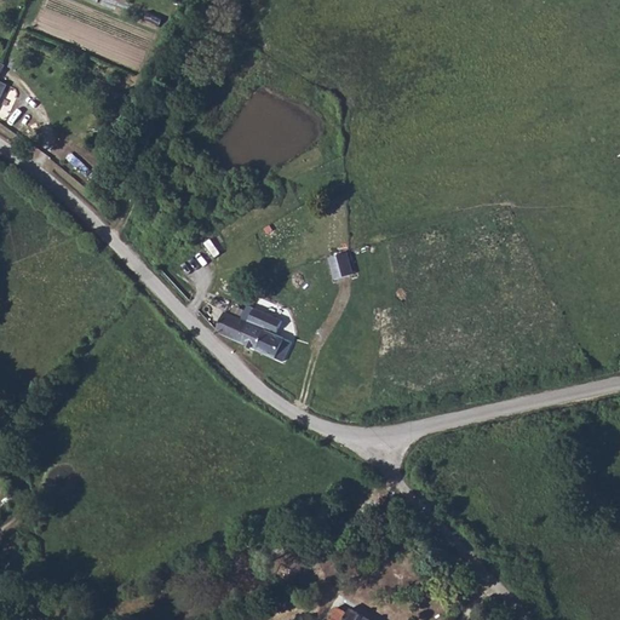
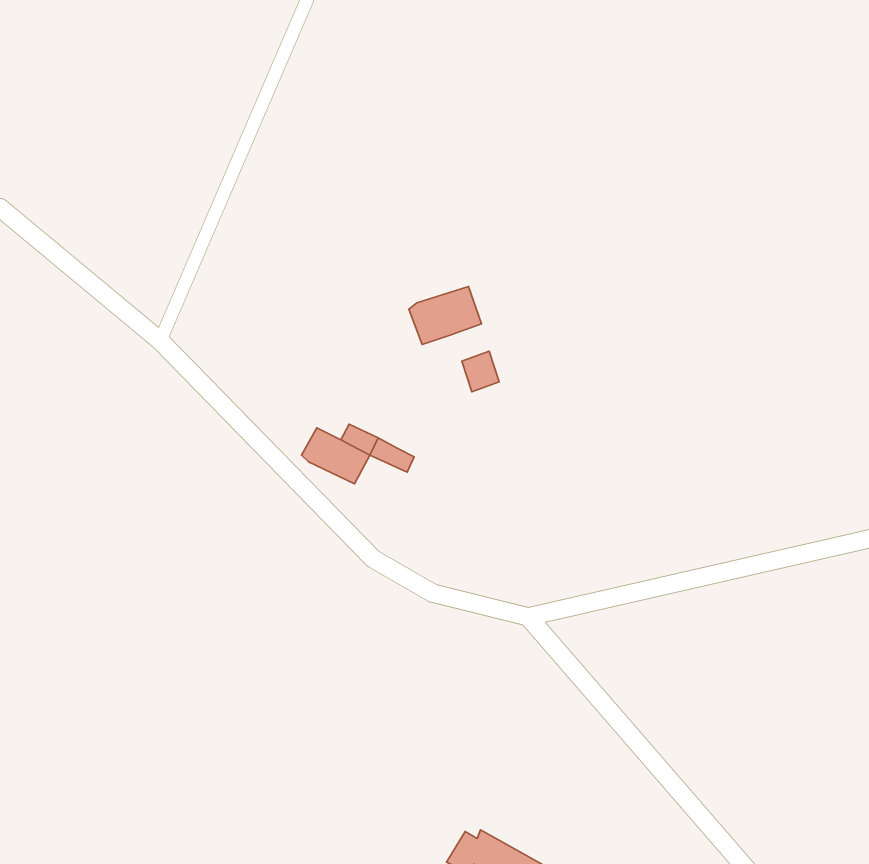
building: none -> [409,287,482,344]
building: [253,328,291,361] -> none

